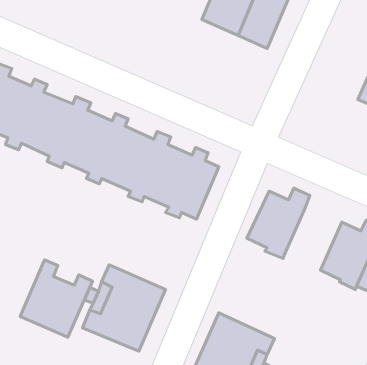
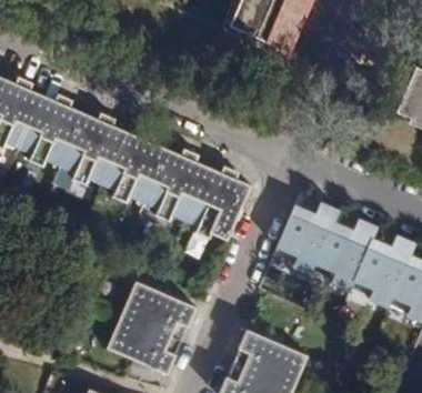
building: none -> [315,219,381,291]
building: [20,260,93,337] -> none

